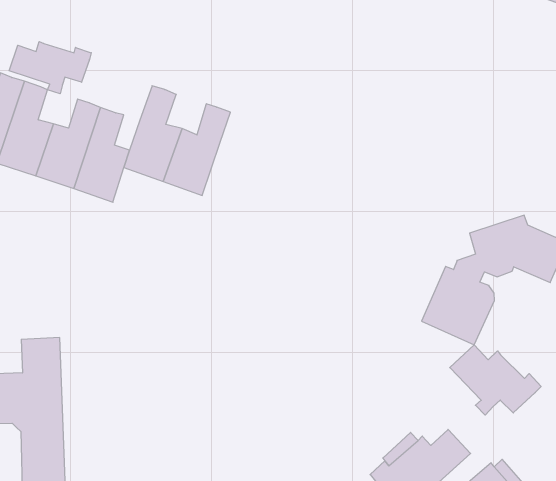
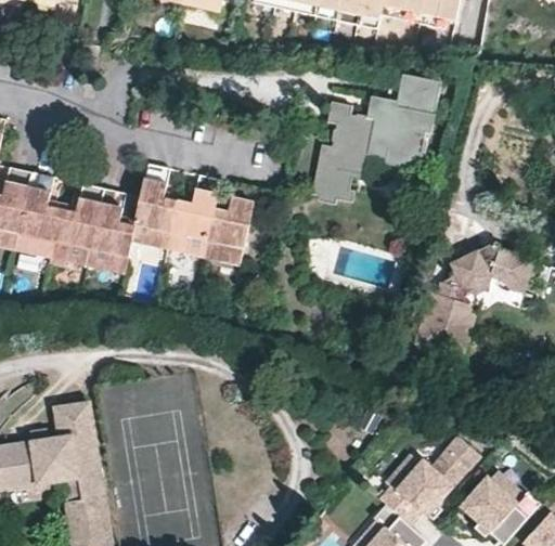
building: none -> [311,81,440,196]
building: [9,42,91,94] -> none
building: none -> [203,181,256,265]
building: [450,345,541,415] -> none

